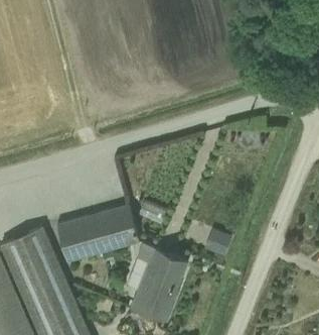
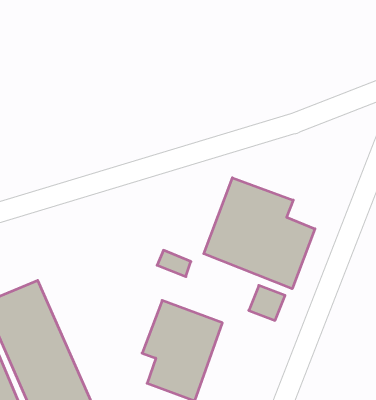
building: none -> [204,178,315,289]
building: [55,203,140,262] -> none

